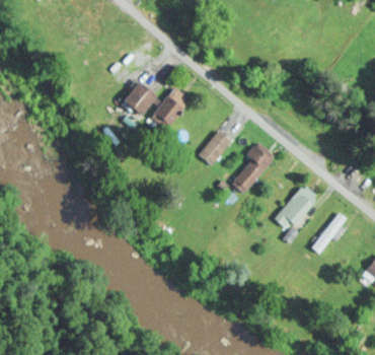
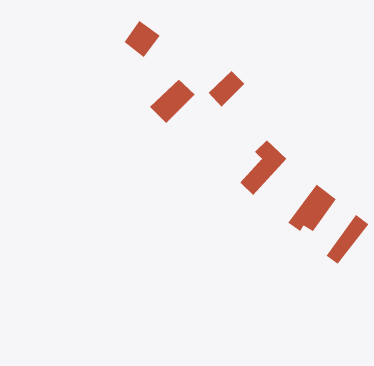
building: [125,82,158,117] -> [124,20,161,58]
building: [198,132,231,165] -> [208,70,245,108]

